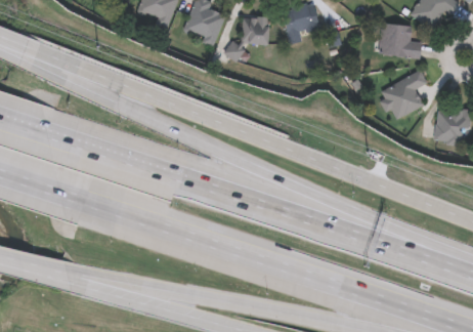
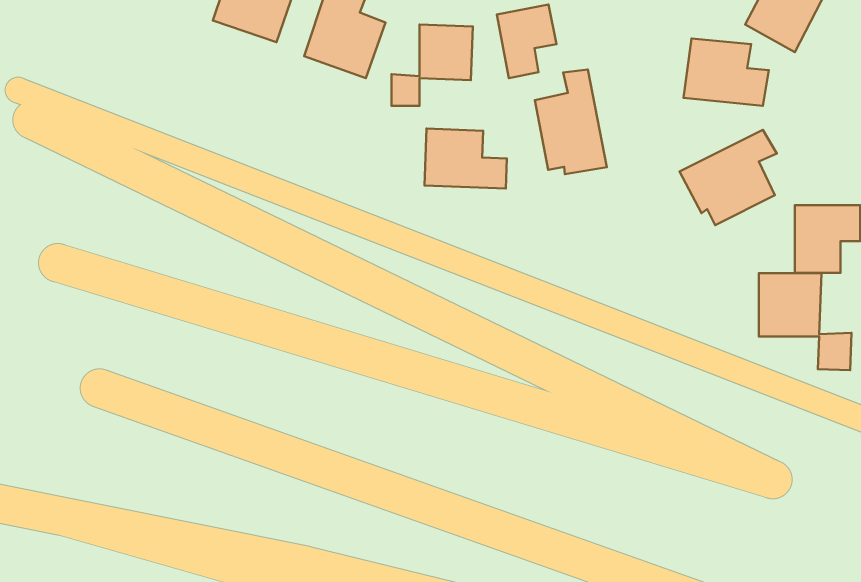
building: none -> [535,70,607,174]
building: none -> [424,129,507,188]
building: none -> [759,273,852,370]

